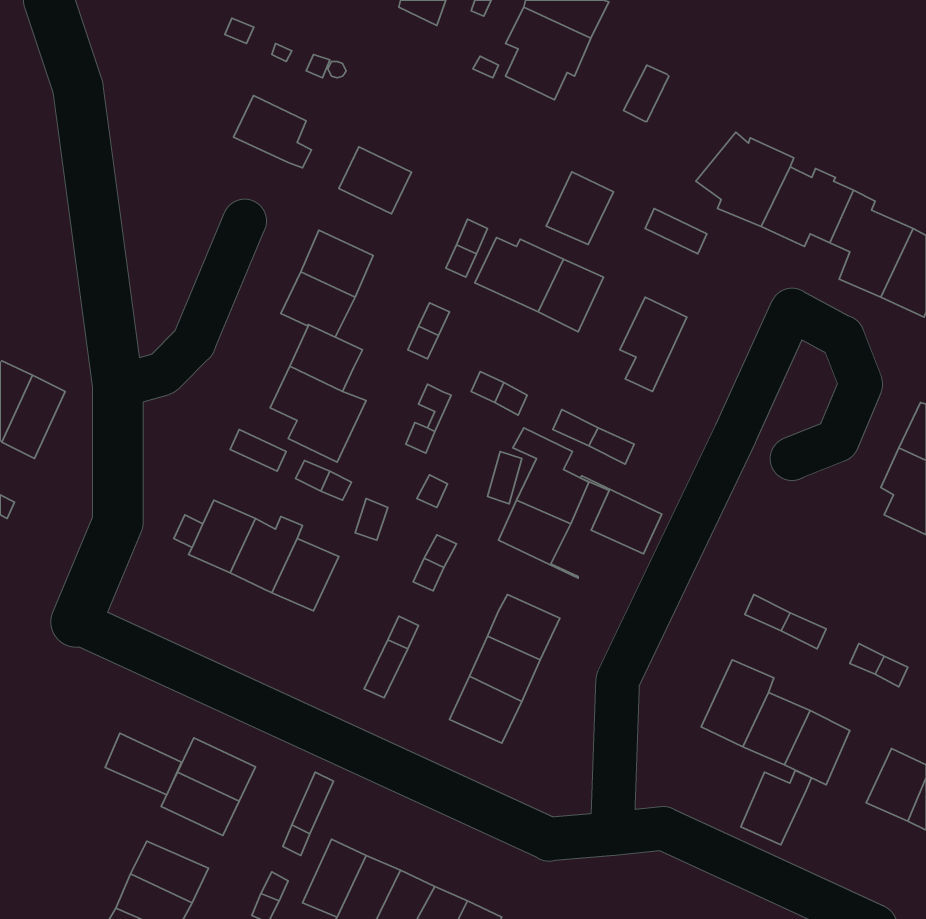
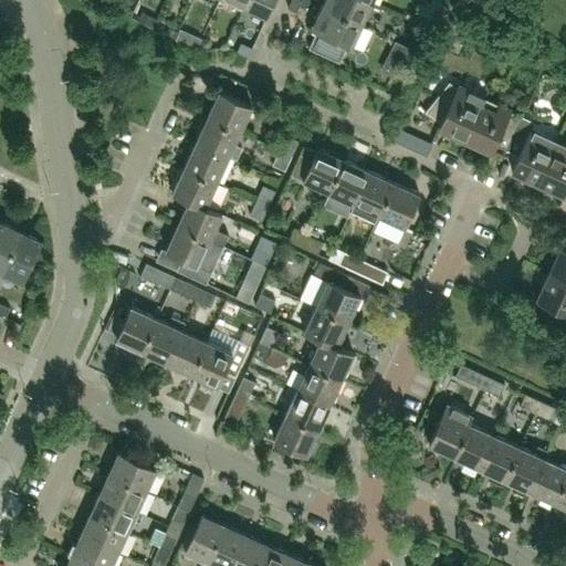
building: [234,95,312,168] -> [195,119,242,164]
building: [546,172,613,244] -> [353,174,394,218]
building: [580,476,662,554] -> [303,334,353,381]
building: none -> [191,343,250,389]
building: [105,733,181,795] -> [90,496,136,534]
building: [741,771,811,845] -> [504,449,547,494]

